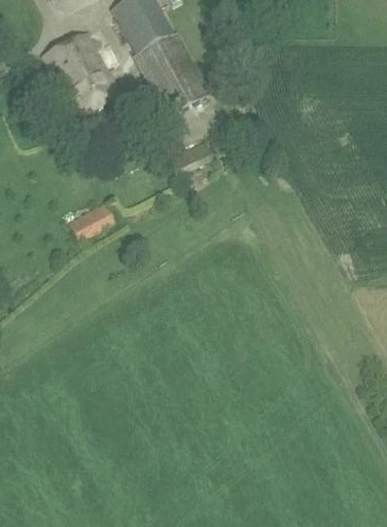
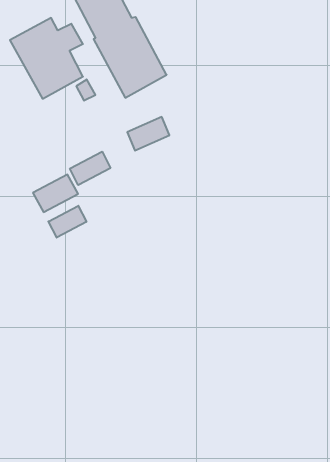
building: none -> [70,152,110,185]
building: none -> [48,206,86,238]

